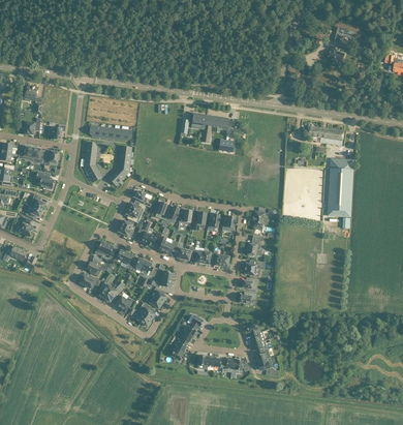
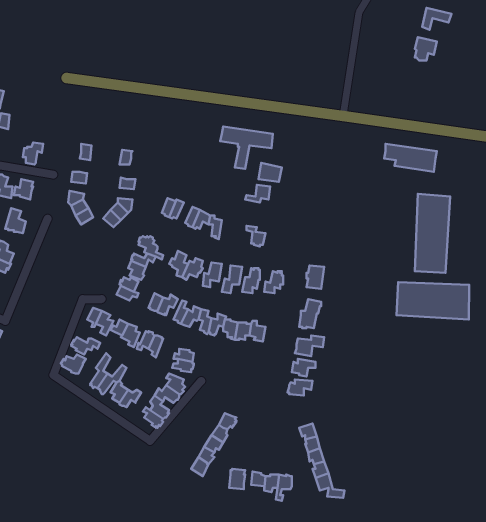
building: none -> [396,282,469,319]

